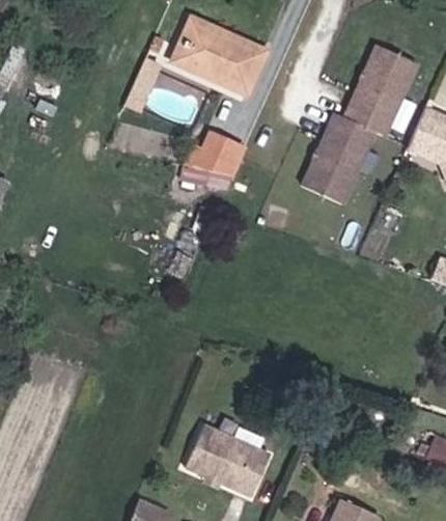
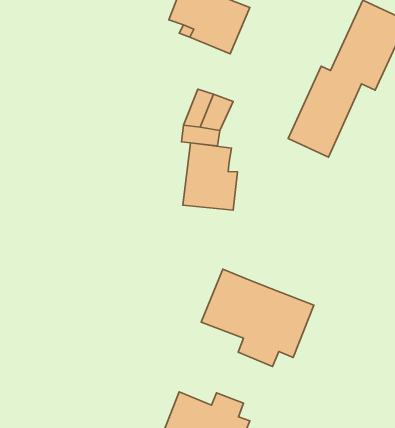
building: none -> [183,143,237,210]
building: none -> [201,269,314,366]

